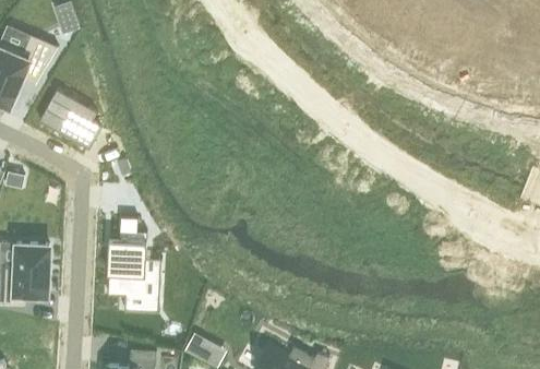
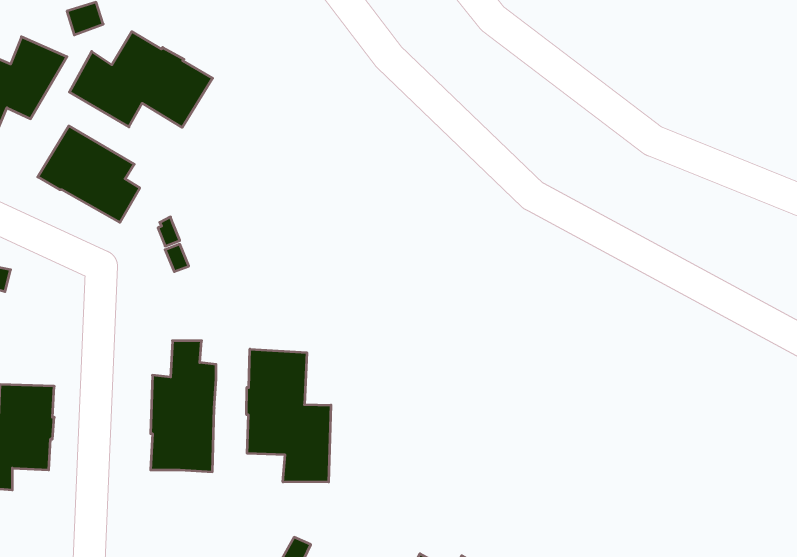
building: none -> [69,32,213,127]
building: none -> [247,349,331,482]

